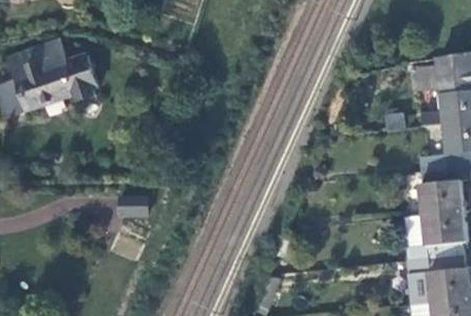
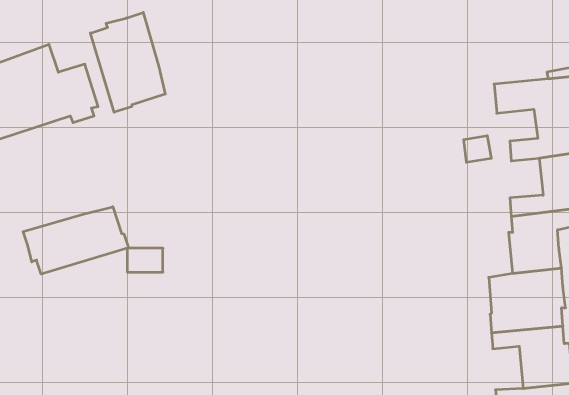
building: none -> [90,12,165,112]
building: none -> [23,207,128,274]

